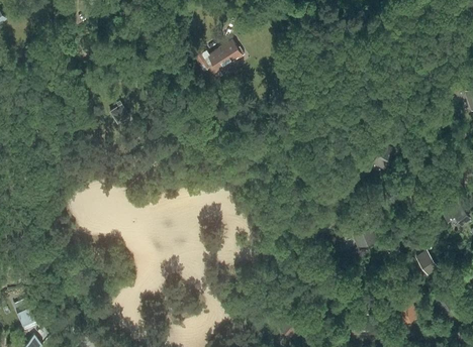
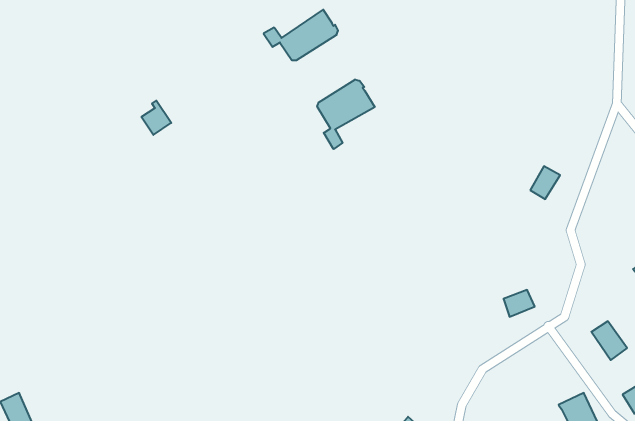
building: none -> [317,79,375,149]

